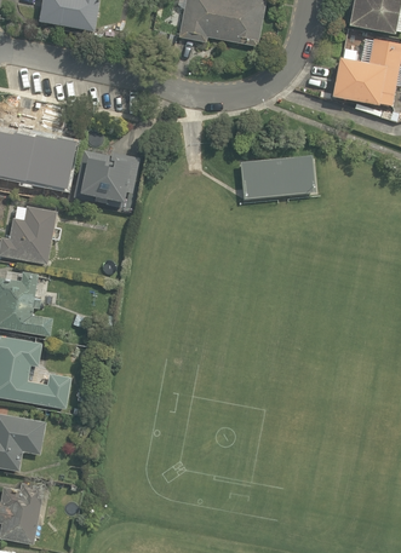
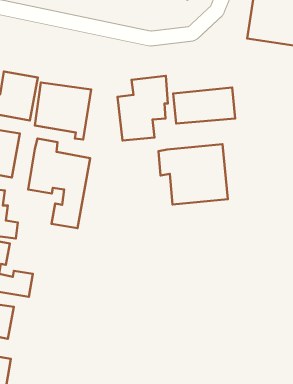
building: none -> [117,76,168,141]
building: none -> [28,138,90,228]
building: none -> [159,144,228,205]

